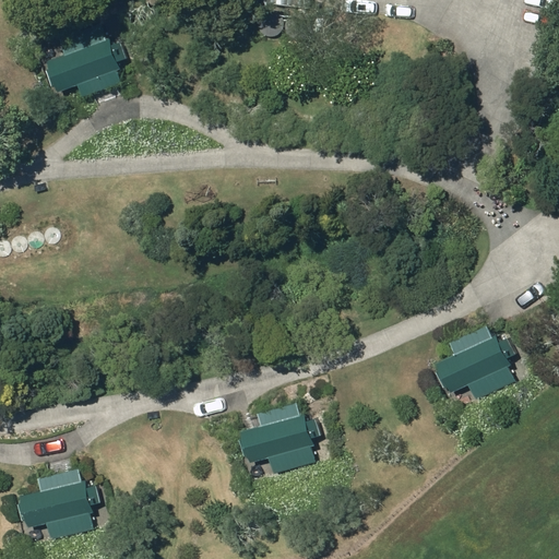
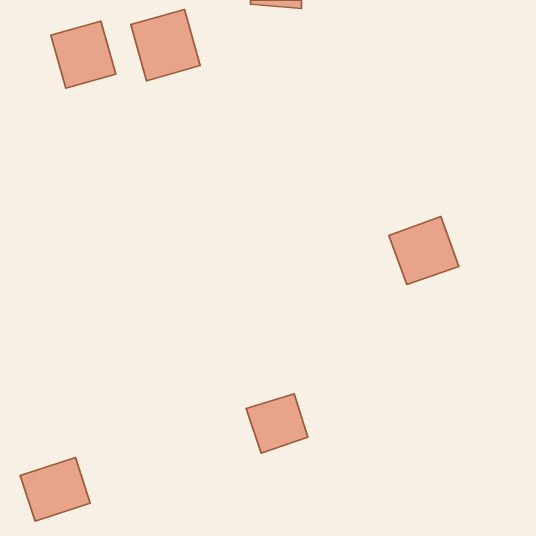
building: none -> [131,9,200,81]
building: [438,330,510,400] -> [389,217,459,284]

